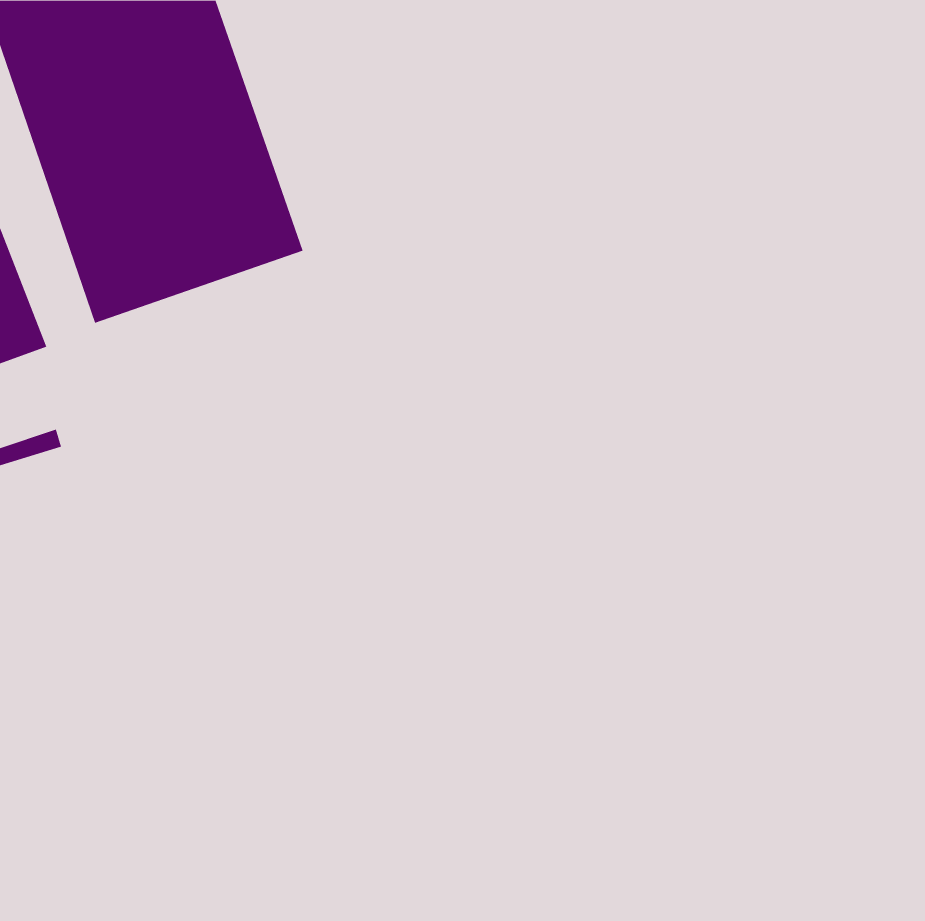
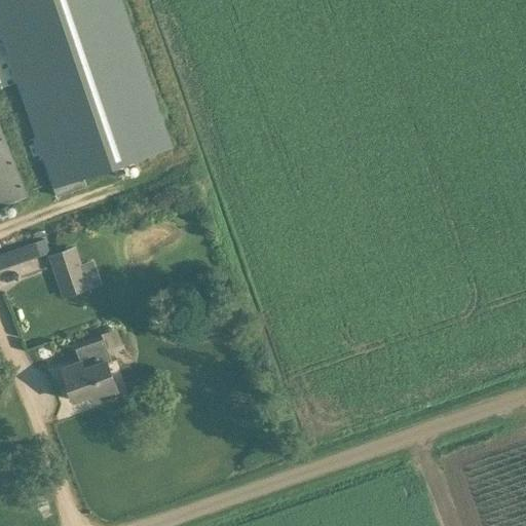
building: none -> [46,250,88,302]
building: none -> [60,342,116,405]

